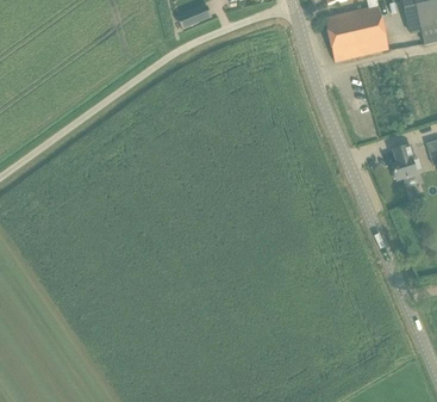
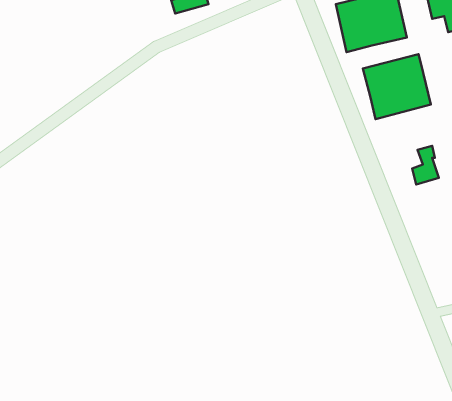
building: none -> [363,54,431,119]

